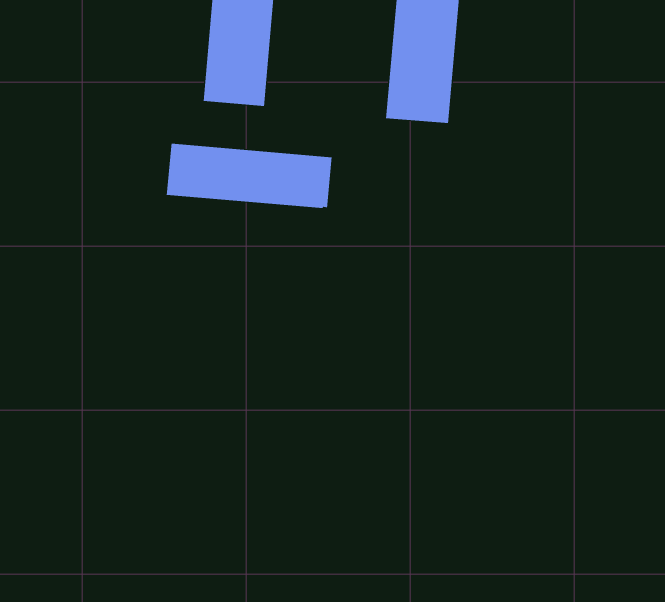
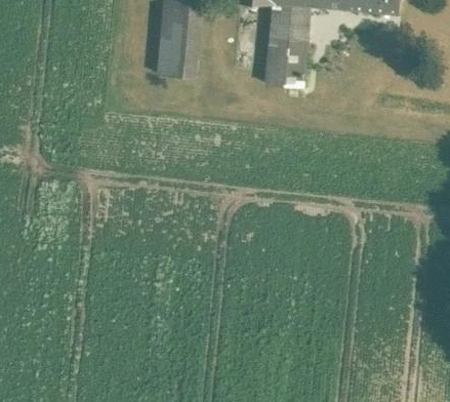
building: [166,143,332,209] -> none

